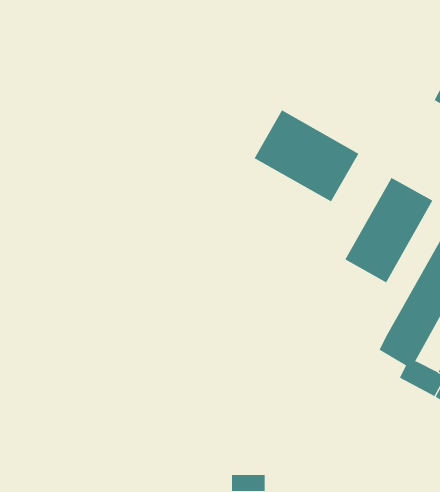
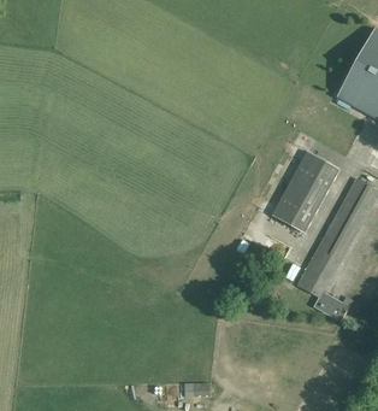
building: [254,109,359,202] -> none

